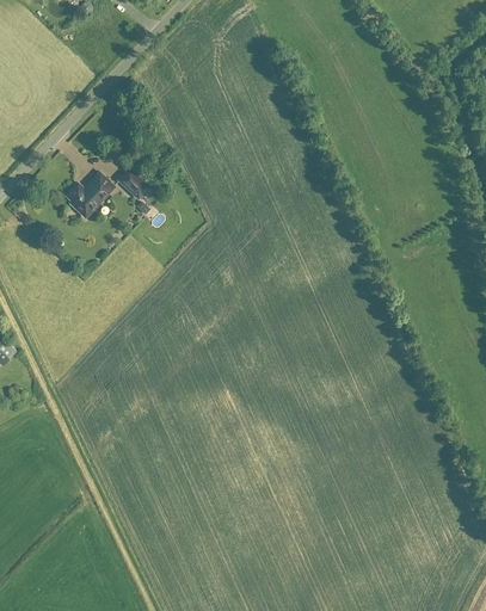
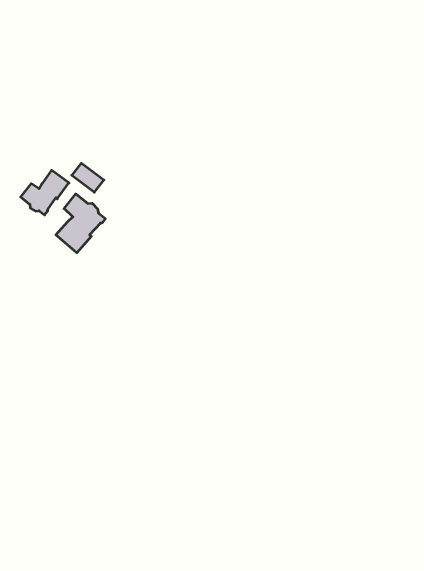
building: none -> [56,194,105,253]

